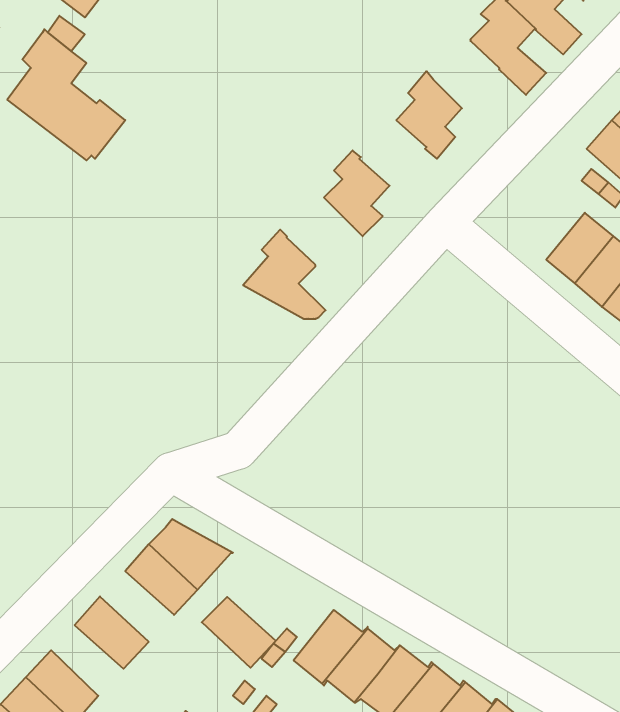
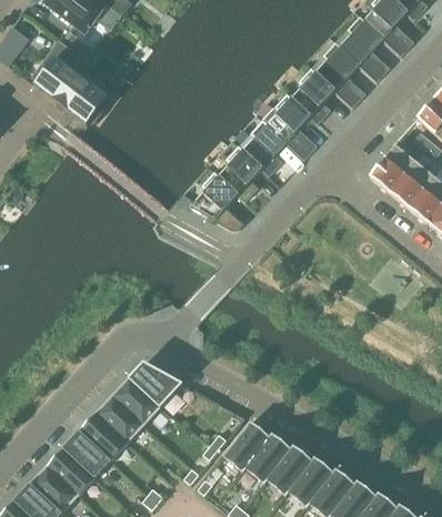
building: none -> [315,41,365,108]
building: none -> [267,93,317,160]
building: none -> [370,144,414,191]
building: none -> [219,145,262,202]
building: [202,597,276,668] -> [96,396,144,443]
building: none -> [63,432,111,478]

